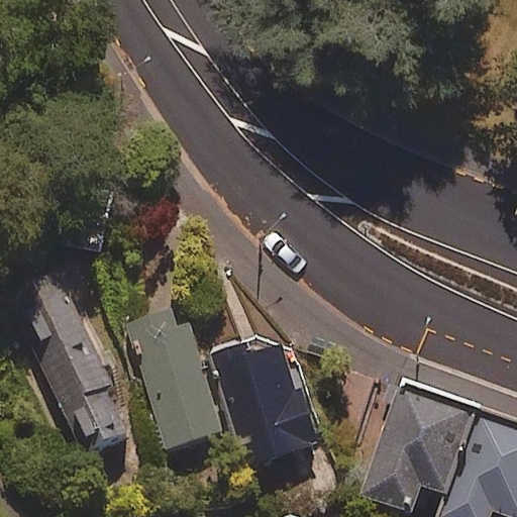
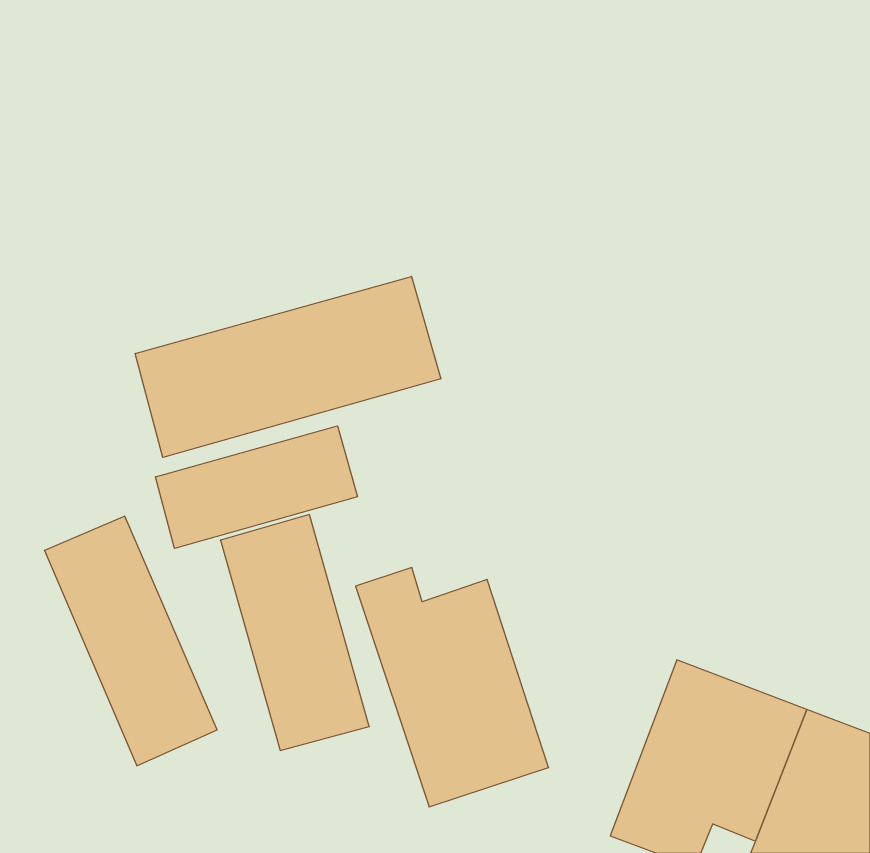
building: none -> [135,276,441,457]
building: none -> [155,426,357,548]

